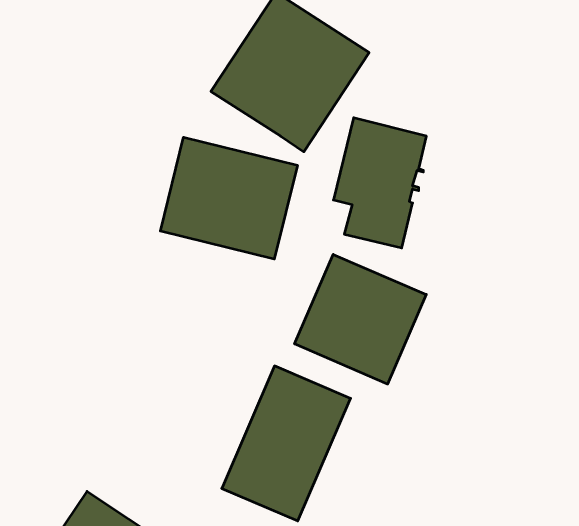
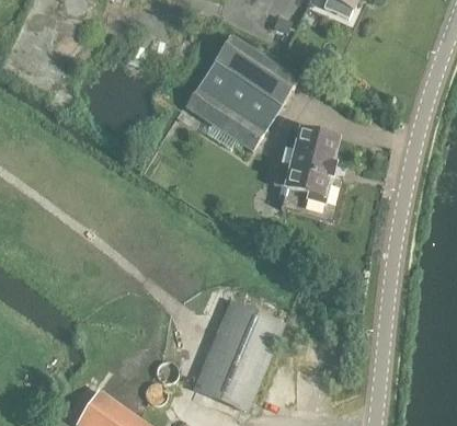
building: [160,137,297,259] -> none
building: [295,254,426,384] -> none

